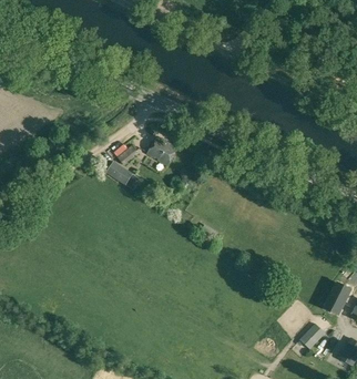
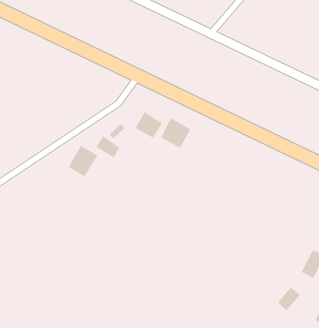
building: none -> [160,118,191,148]
building: none -> [68,145,98,177]

